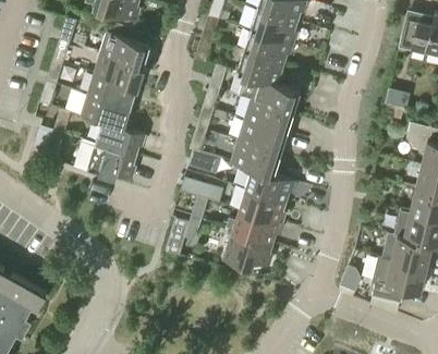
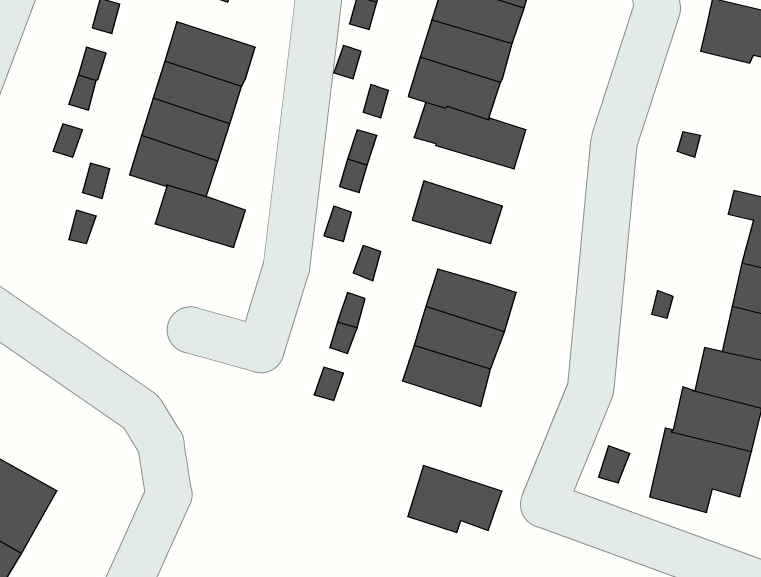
building: [244,100,294,134] -> none
building: [230,142,281,175] -> none
building: [86,144,138,181] -> none
building: [223,231,276,268] -> [408,466,502,532]

